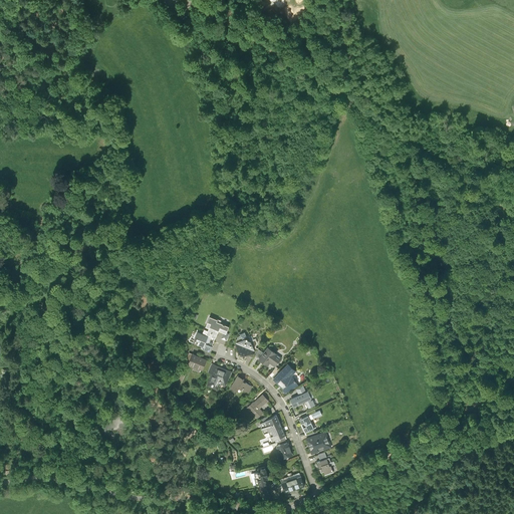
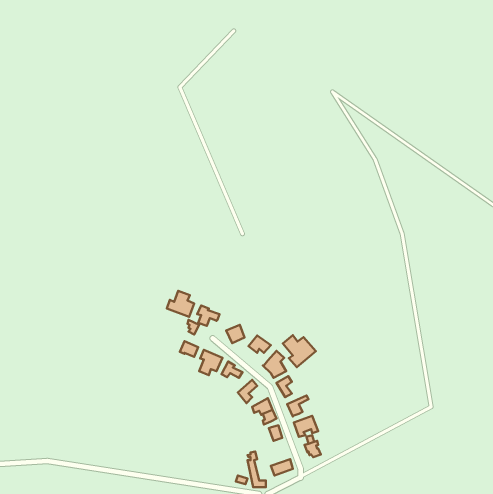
building: none -> [167,291,194,317]
building: none -> [283,335,316,367]

